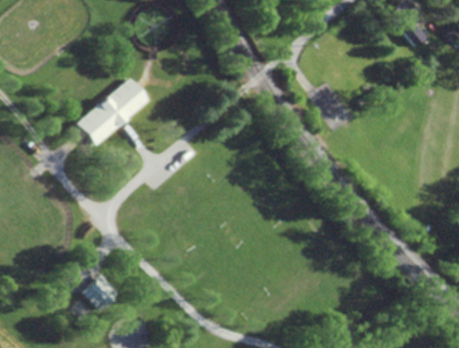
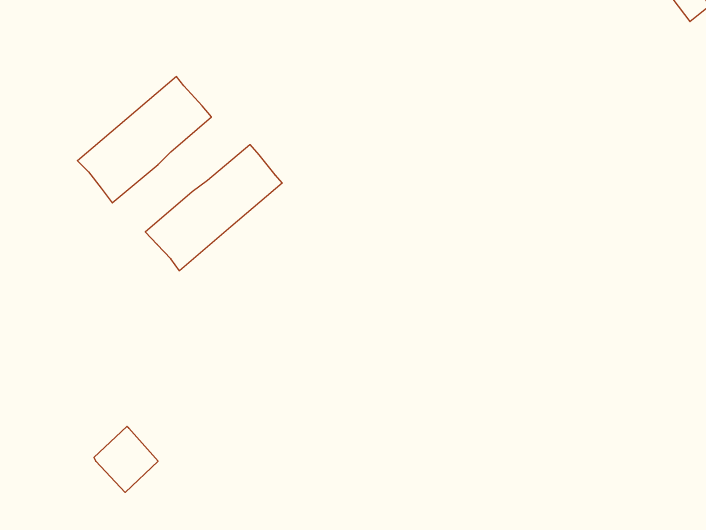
building: none -> [145,145,282,271]

